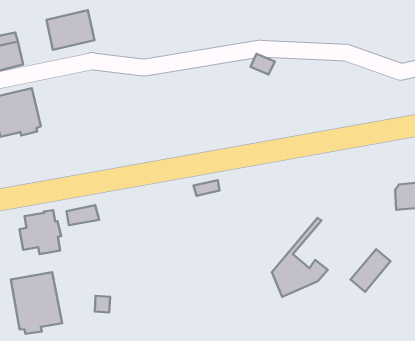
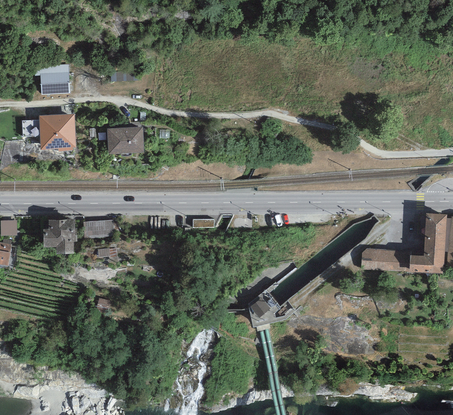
building: [47,10,94,50] -> [106,126,143,154]
building: [350,249,390,292] -> none
building: [11,272,62,334] -> none

